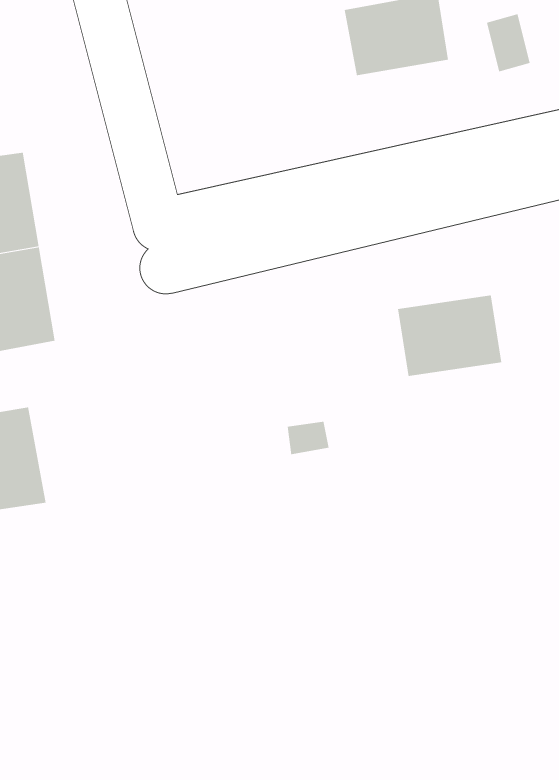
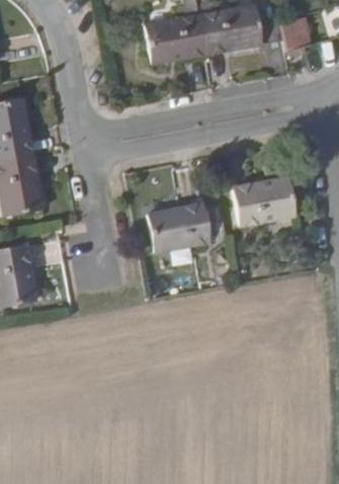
building: none -> [148,16,209,64]
building: none -> [147,201,207,249]

